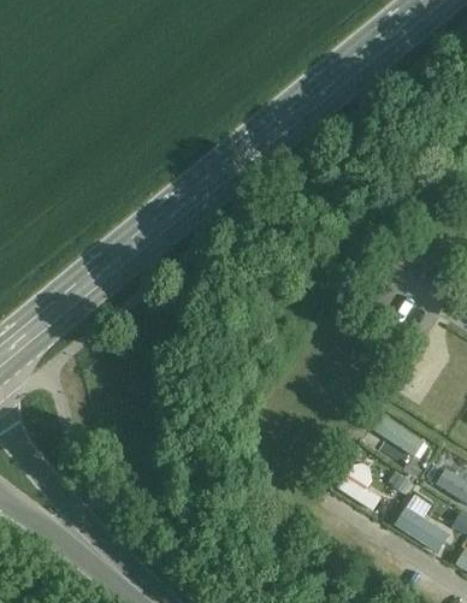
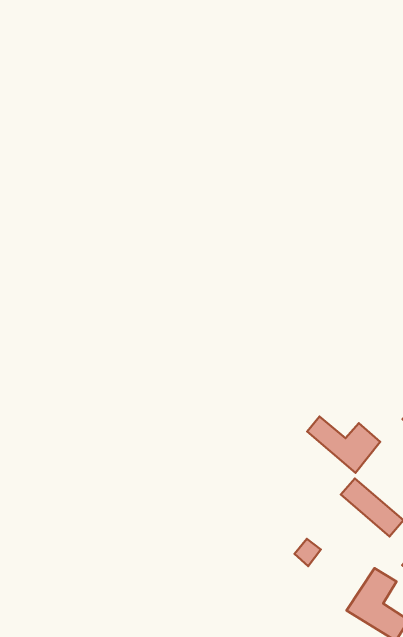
building: none -> [307,417,380,473]

